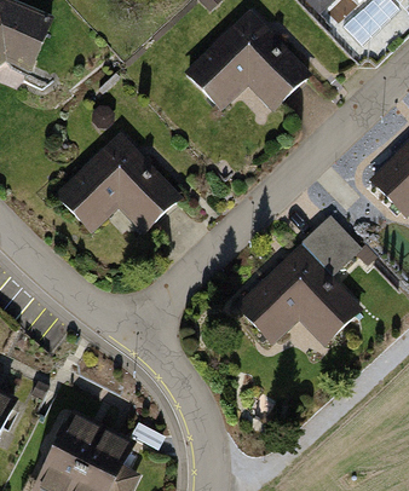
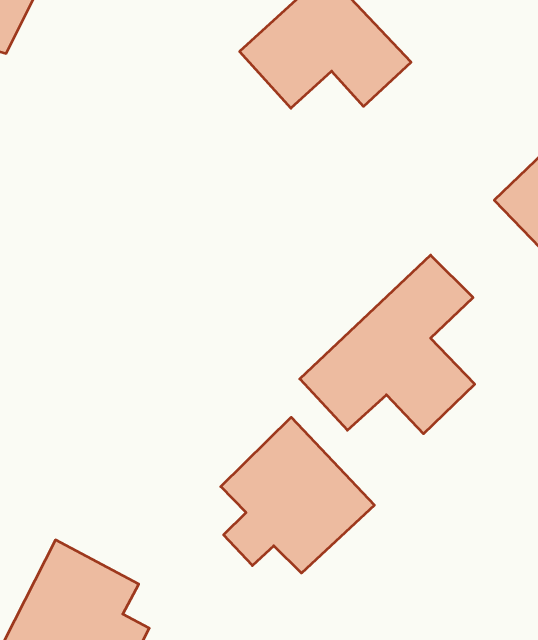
building: [68,145,178,255] -> none
building: none -> [221,417,374,573]

